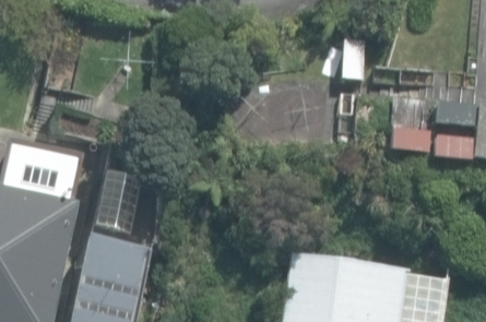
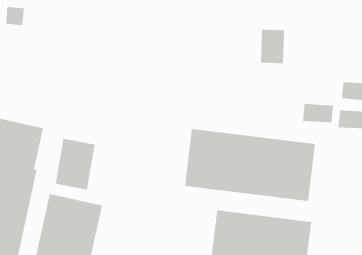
building: none -> [184,128,316,202]

